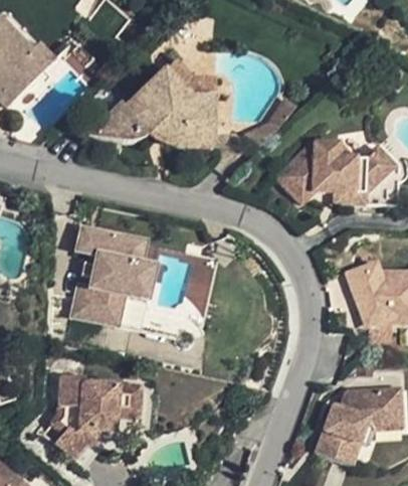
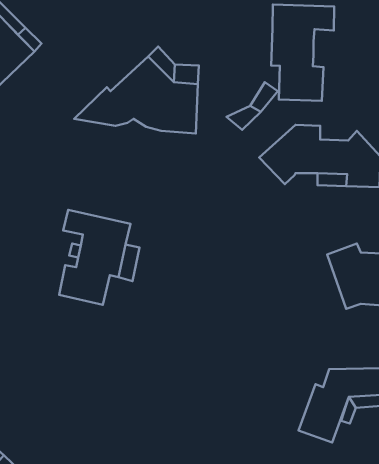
building: none -> [271,5,334,101]
building: [54,371,140,458] -> none

